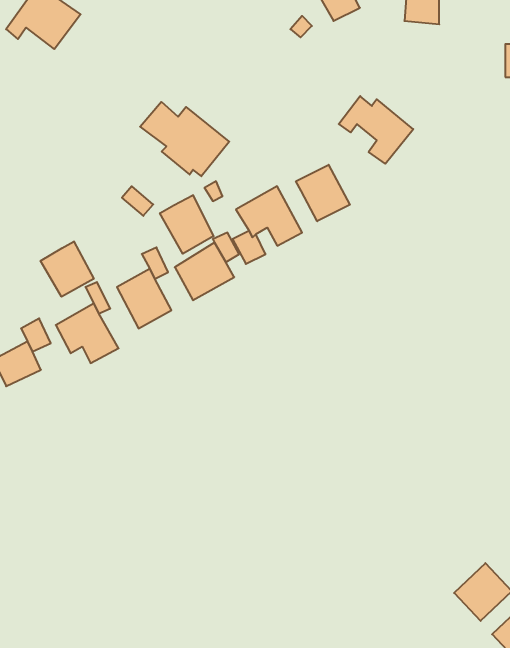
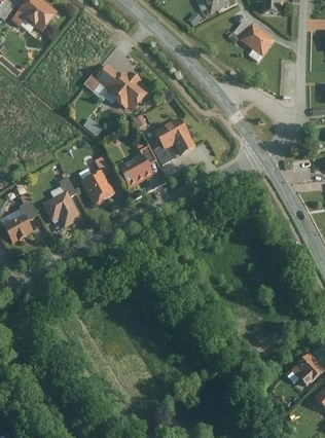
building: [339,96,413,164] -> [230,20,277,62]
building: [296,165,350,221] -> none
building: [160,195,214,254] -> none
building: [41,241,94,297] -> none

